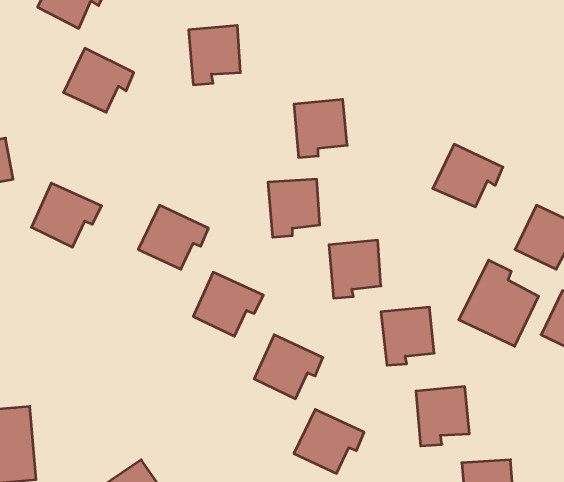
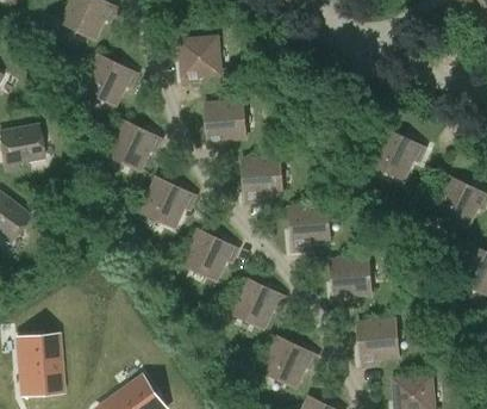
building: [294,99,347,157] -> [205,100,246,145]
building: [31,183,102,247] -> [107,119,162,169]
building: [459,260,539,346] -> none

